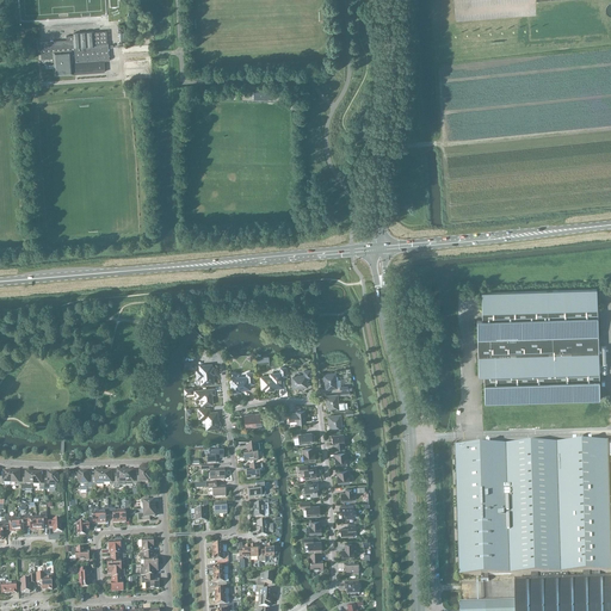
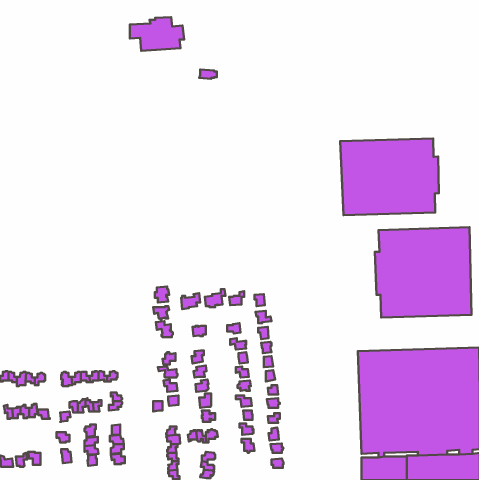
building: [42,32,111,75] -> [130,17,184,51]
building: none -> [340,138,439,215]

